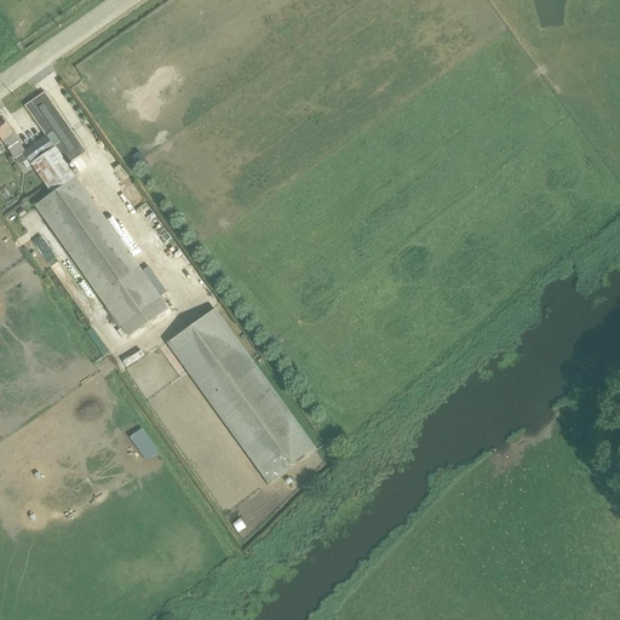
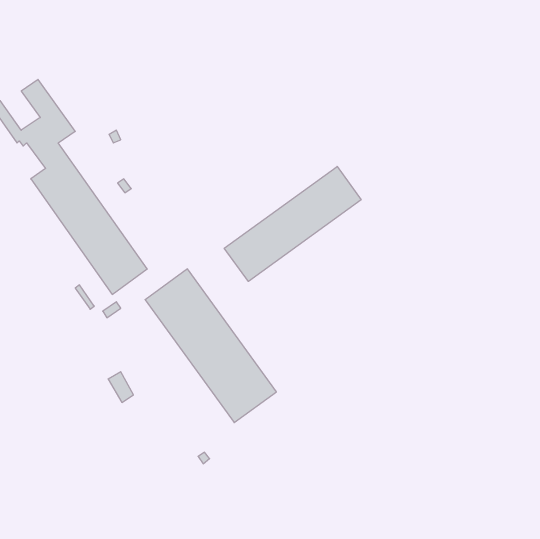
building: none -> [224,166,361,281]

